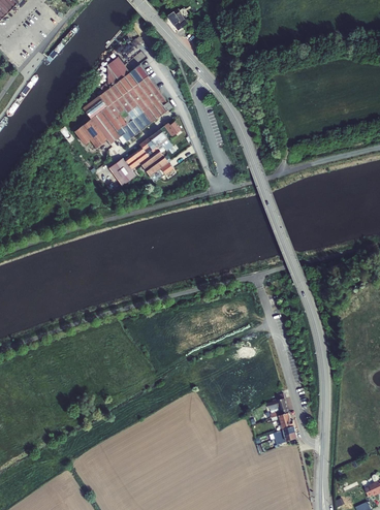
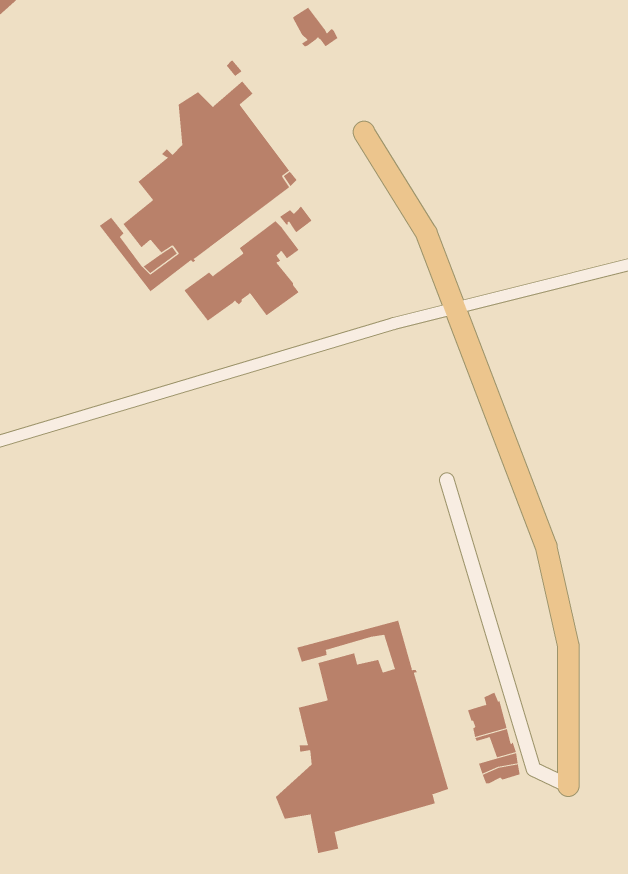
building: none -> [275,620,449,854]

